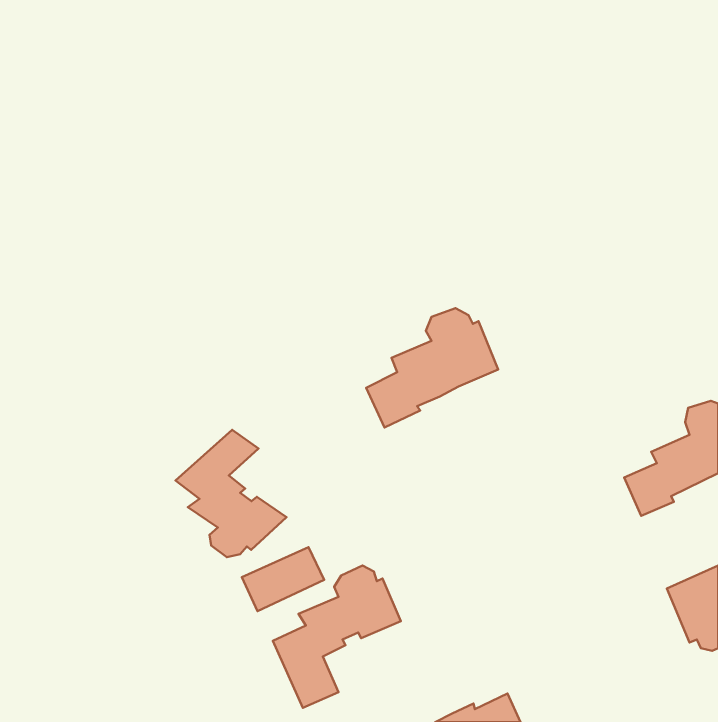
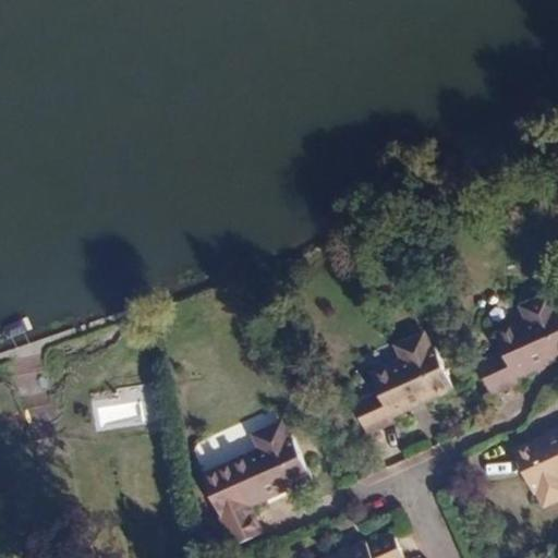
building: [366,308,498,428] -> [353,342,454,434]
building: [175,430,287,557] -> none

